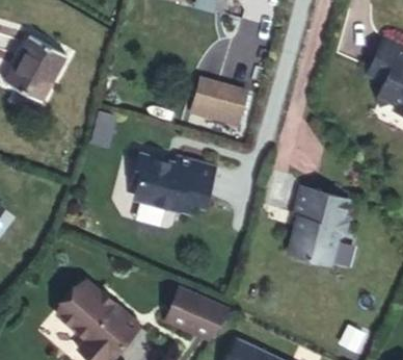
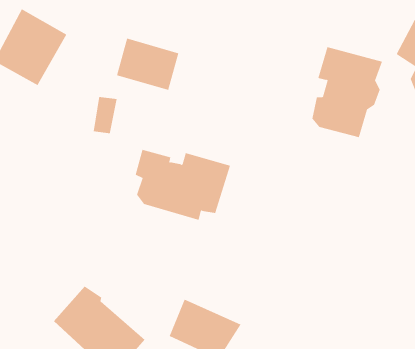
building: [182,83,238,130] -> [116,38,179,91]
building: [292,183,355,264] -> [312,46,383,138]

